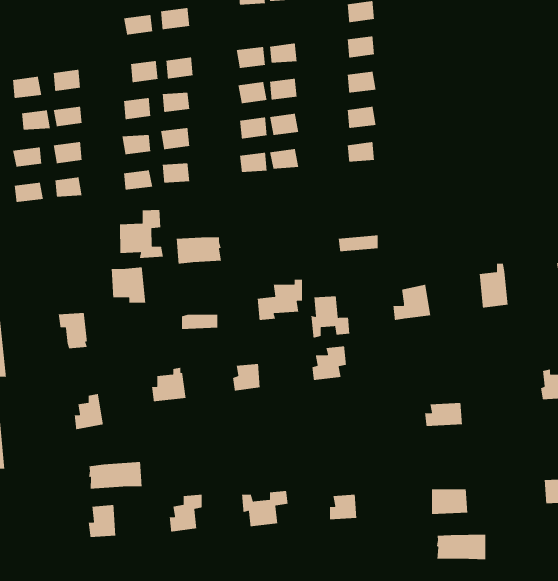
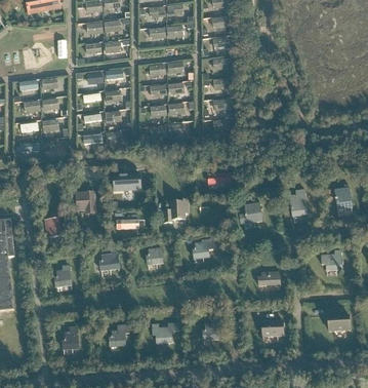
building: [119,209,164,259] -> none
building: [311,296,350,339] -> none
building: [88,461,143,490] -> none
building: [436,534,486,560] -> none

